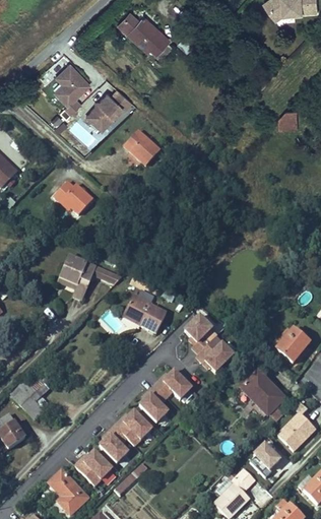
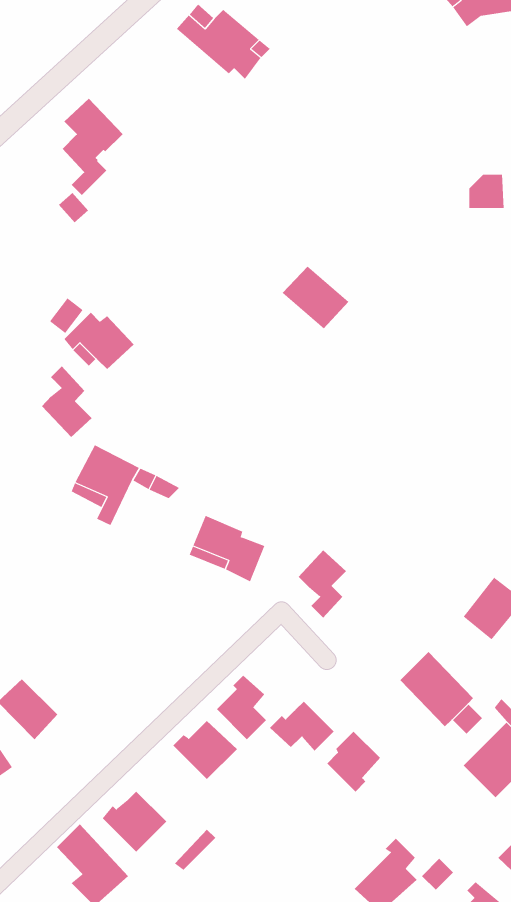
building: [84,87,130,128] -> none
building: [123,131,161,167] -> [282,266,349,329]
building: none -> [41,365,93,438]
building: [196,334,235,371] -> none
building: [154,370,191,398] -> [269,701,335,752]
building: [100,425,128,462] -> none
building: [250,443,280,477] -> [326,731,381,792]

